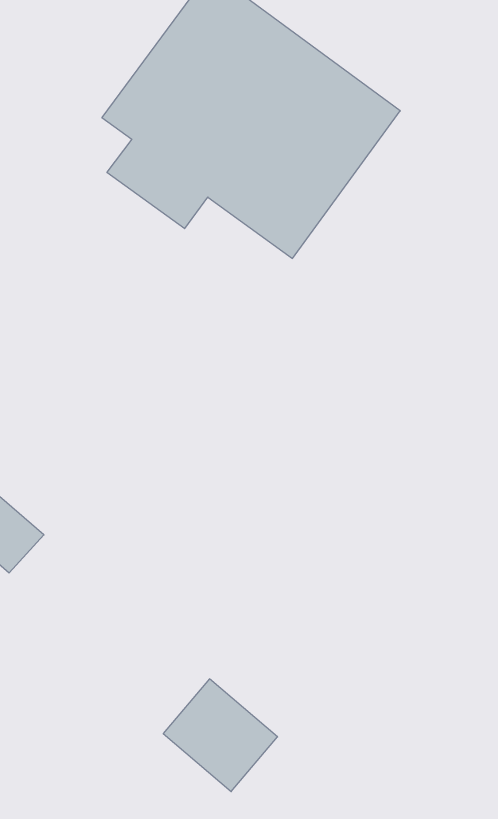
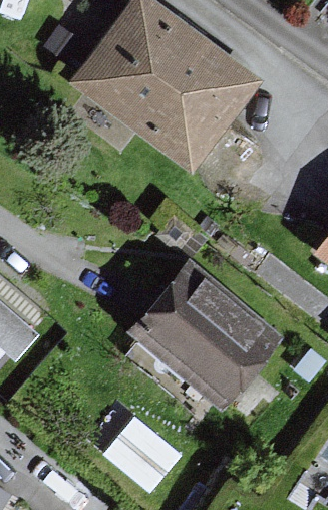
building: none -> [131,260,281,406]

